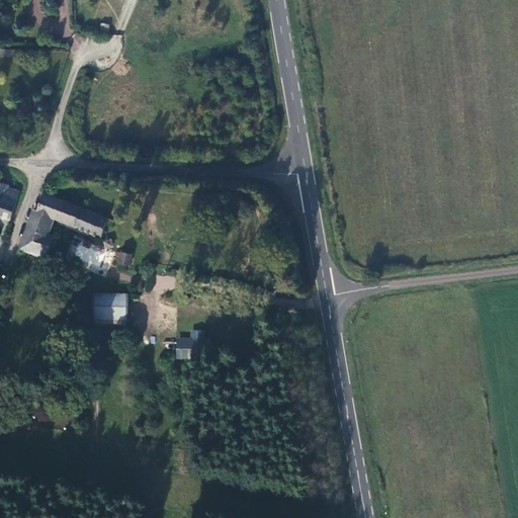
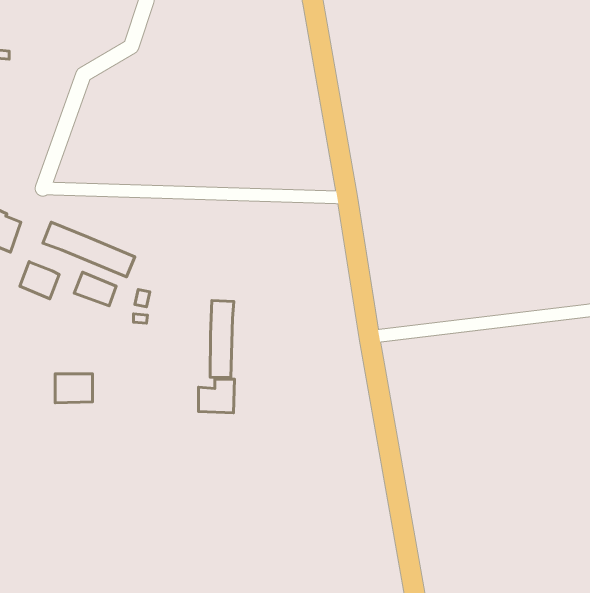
building: [27,211,54,237] -> none
building: none -> [210,301,234,378]
building: [90,294,122,320] -> [55,374,92,403]

